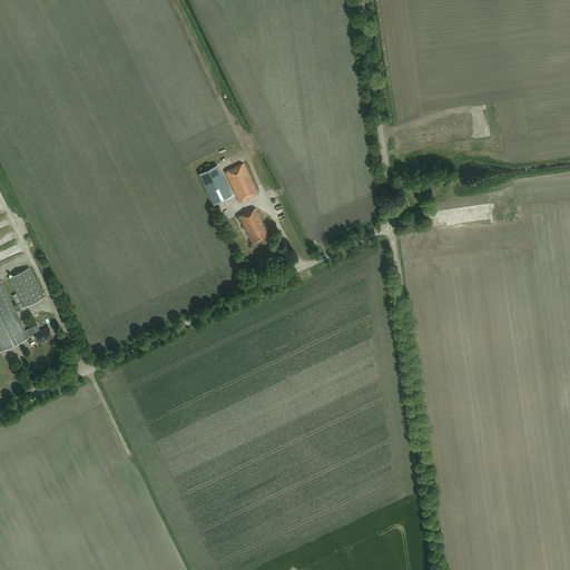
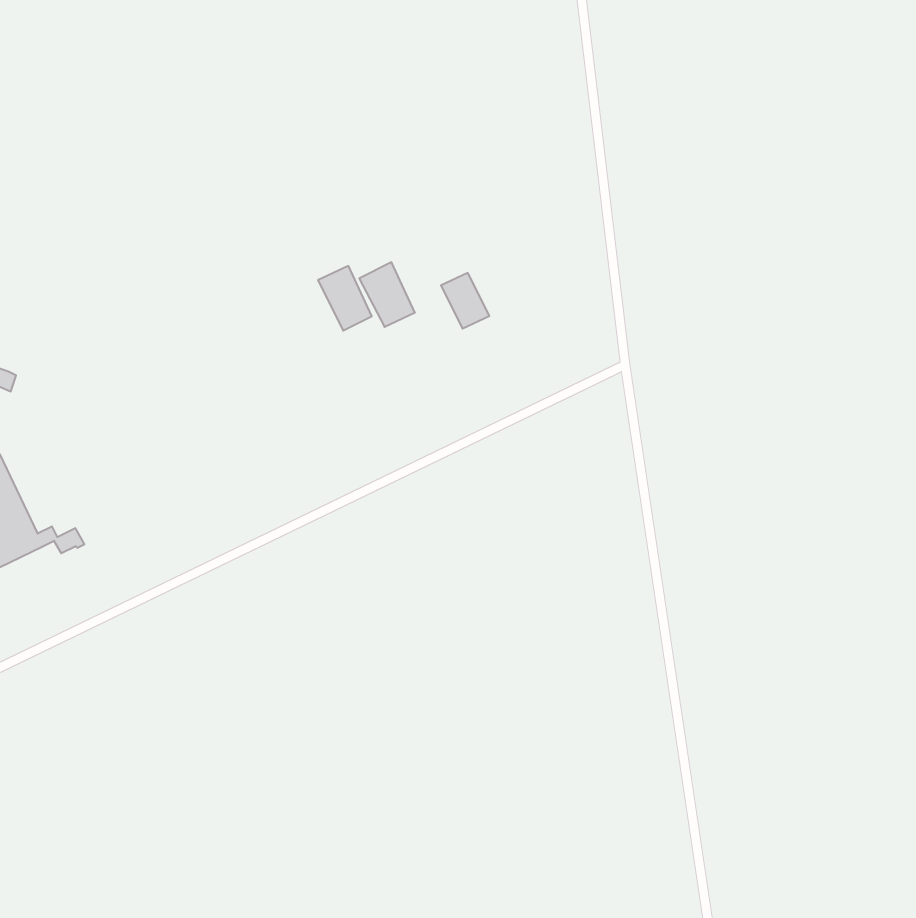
building: [237,208,267,243] -> [441,273,489,329]
building: [8,268,42,307] -> none

